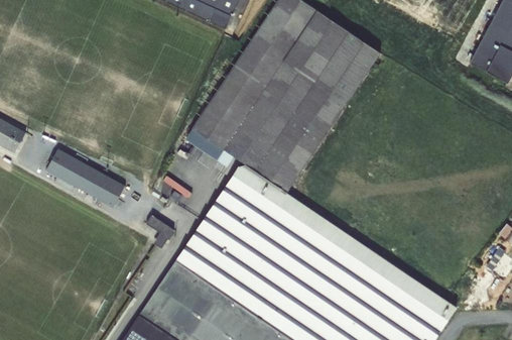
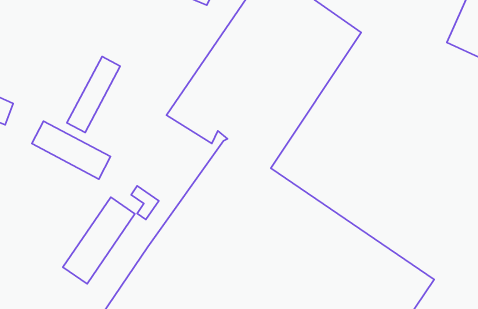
building: none -> [67,56,120,132]
building: none -> [63,197,135,284]

